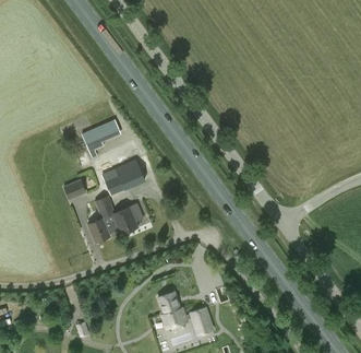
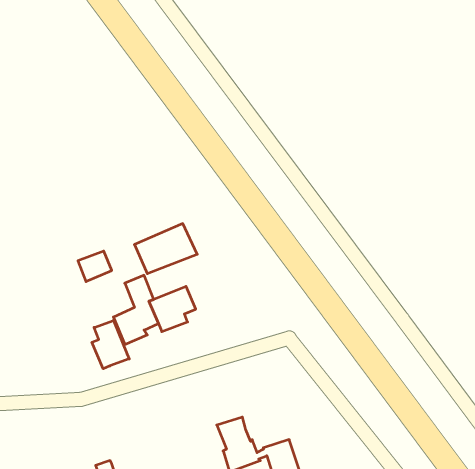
building: [81,120,120,158] -> none
building: none -> [92,320,129,369]

